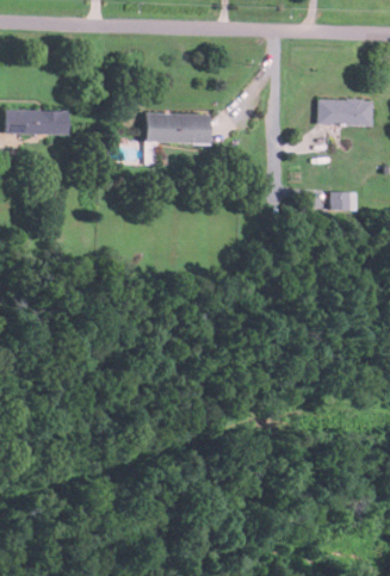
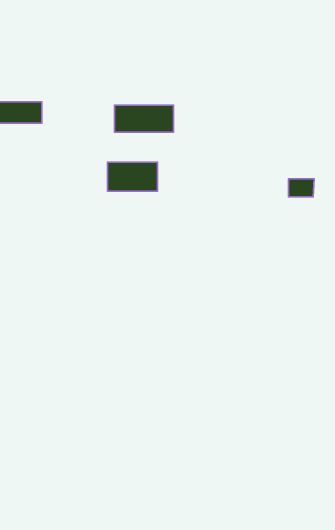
building: [320,99,373,125] -> none
building: none -> [107,162,158,191]

